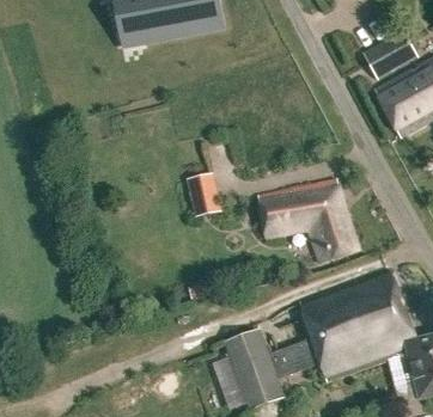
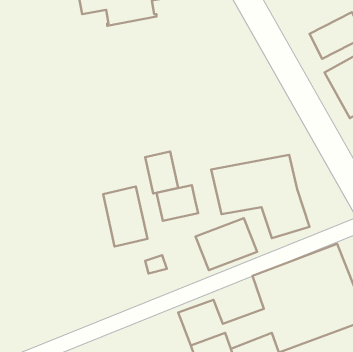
building: none -> [157,185,198,221]
building: none -> [103,187,147,246]
building: none -> [196,218,257,270]

